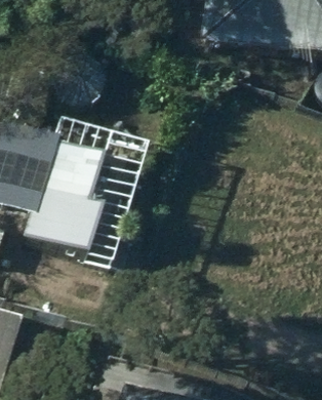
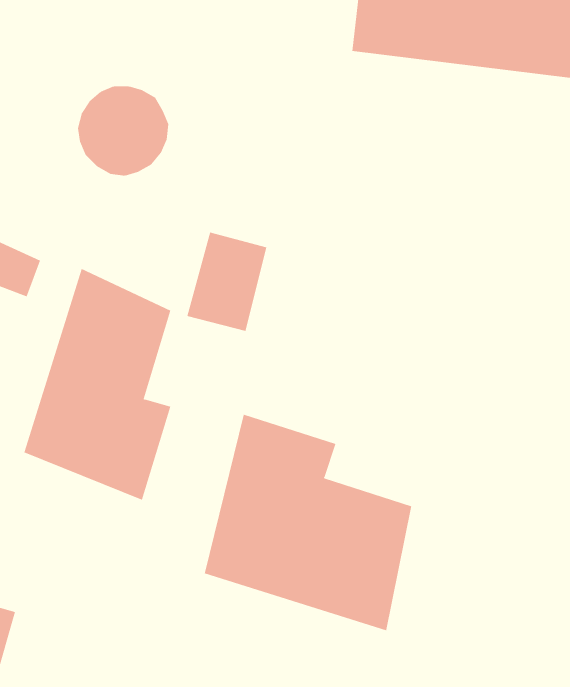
building: none -> [204,414,412,631]

